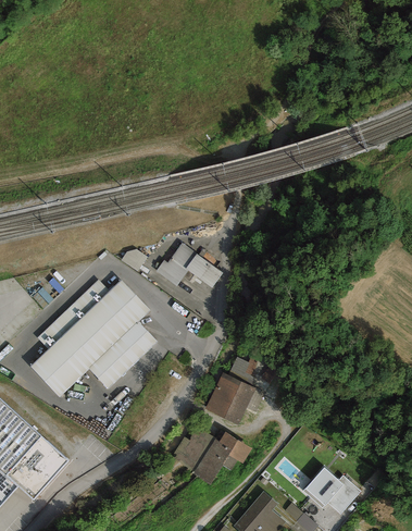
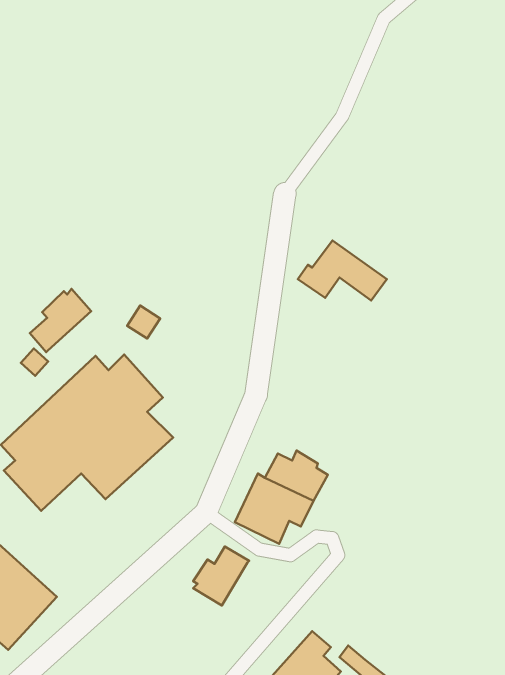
building: none -> [30,289,91,352]
building: [155,240,223,286] -> [298,240,387,301]
building: [193,430,252,482] -> none
building: [302,466,361,513] -> none

